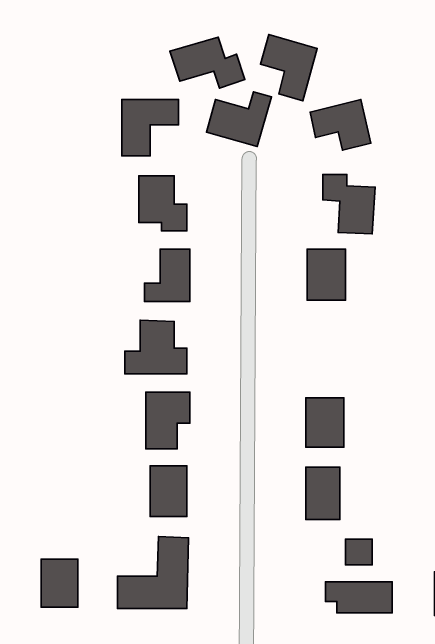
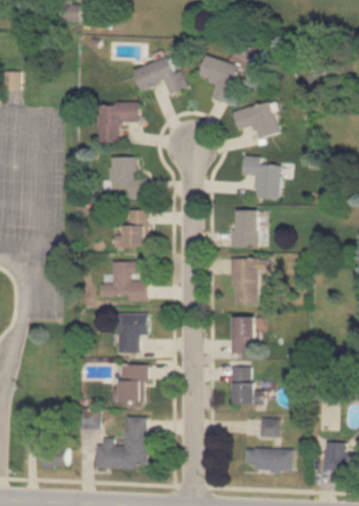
building: [206,92,271,147] -> none
building: none -> [231,259,268,305]

